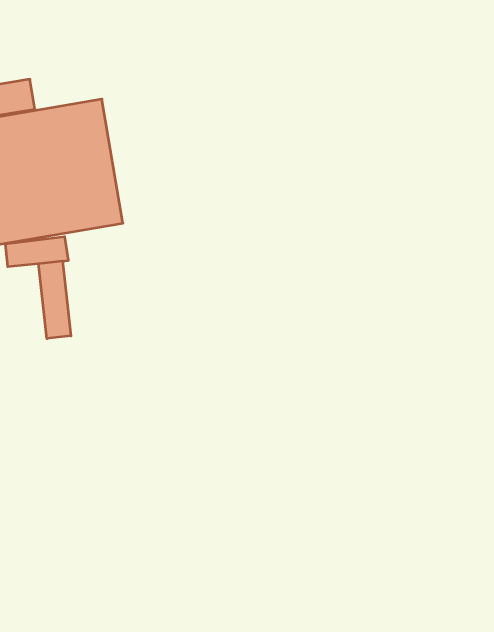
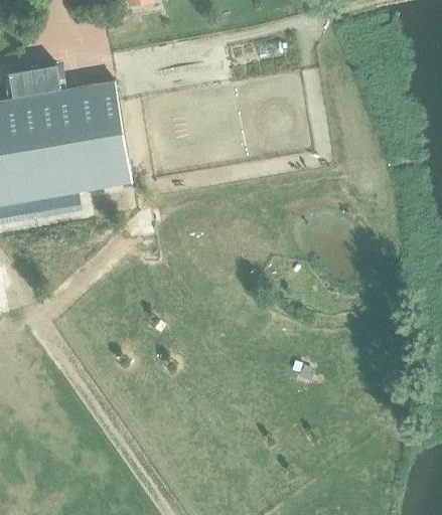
building: [39,261,71,339] -> none

